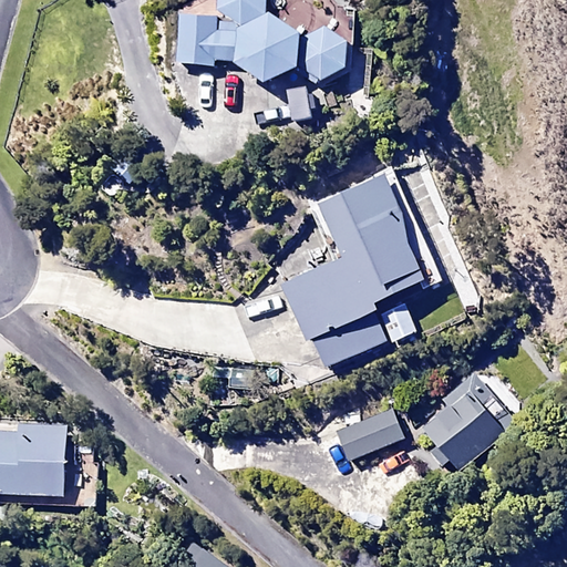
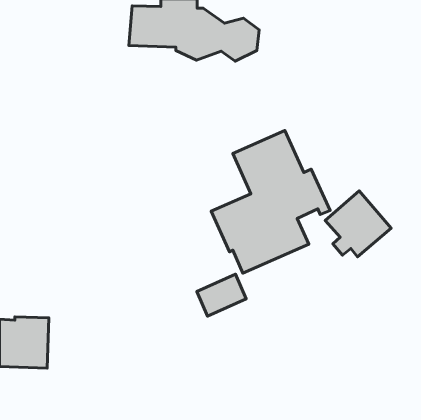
building: [415,380,504,468] -> [325,191,391,257]
building: [336,403,402,460] -> [197,274,246,316]

